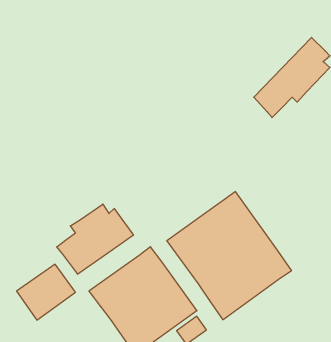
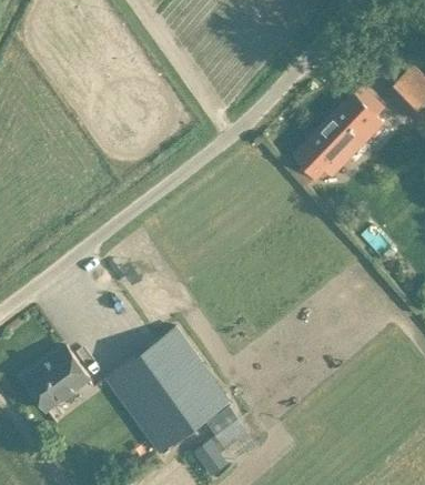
building: [167,191,291,320] -> none
building: [57,204,133,274] -> none

